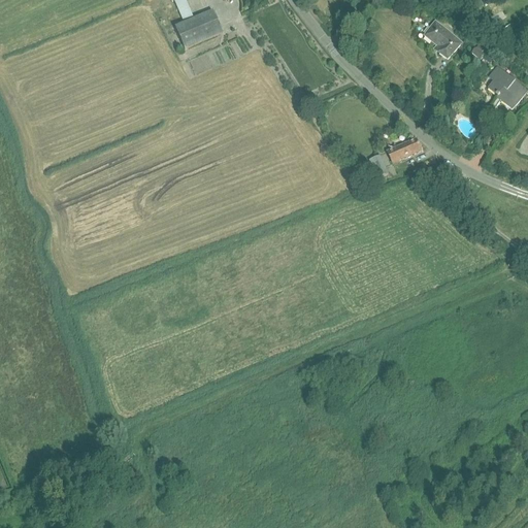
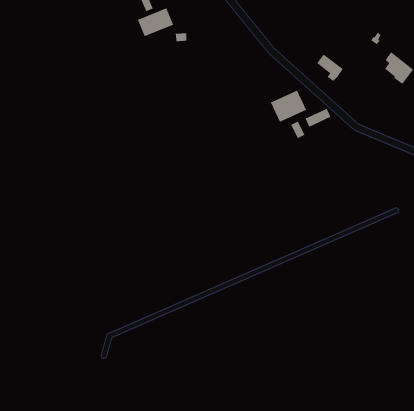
building: [426,22,461,58] -> [316,53,344,82]
building: none -> [270,89,307,123]

